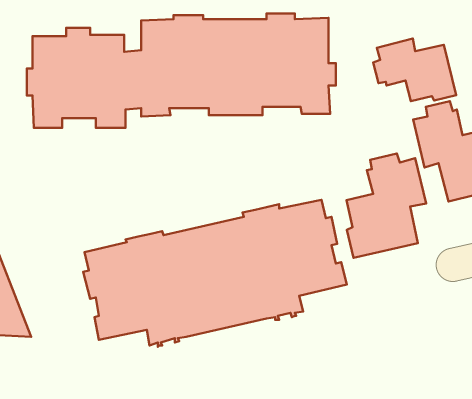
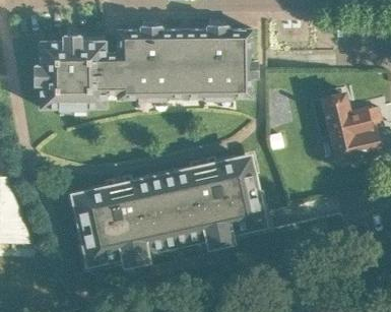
building: [373,39,456,101] -> none
building: [346,153,426,258] -> none

